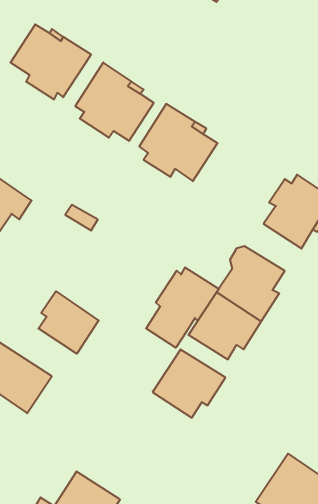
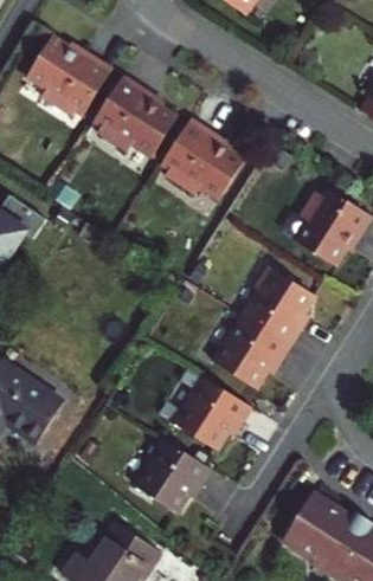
building: [146,267,219,348] -> none
building: [38,291,99,354] -> none
building: none -> [135,441,214,516]

